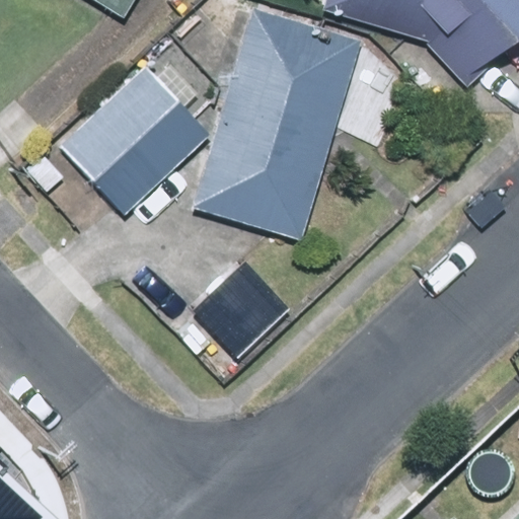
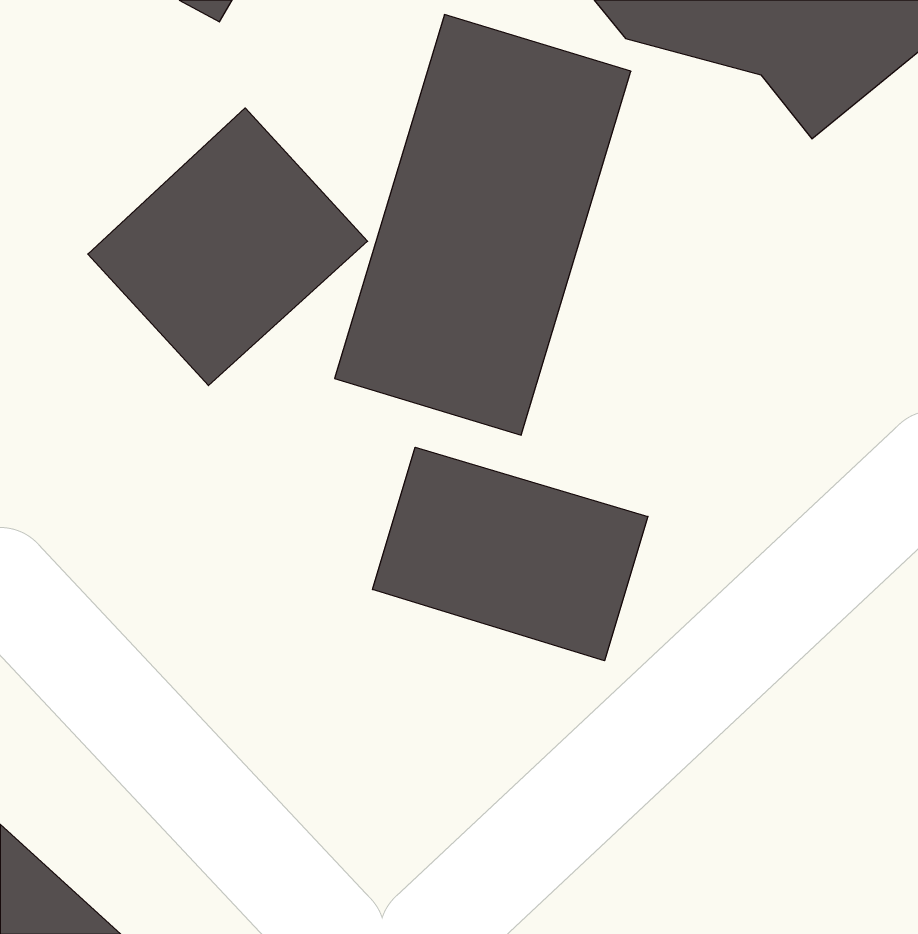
building: none -> [373,447,648,661]

